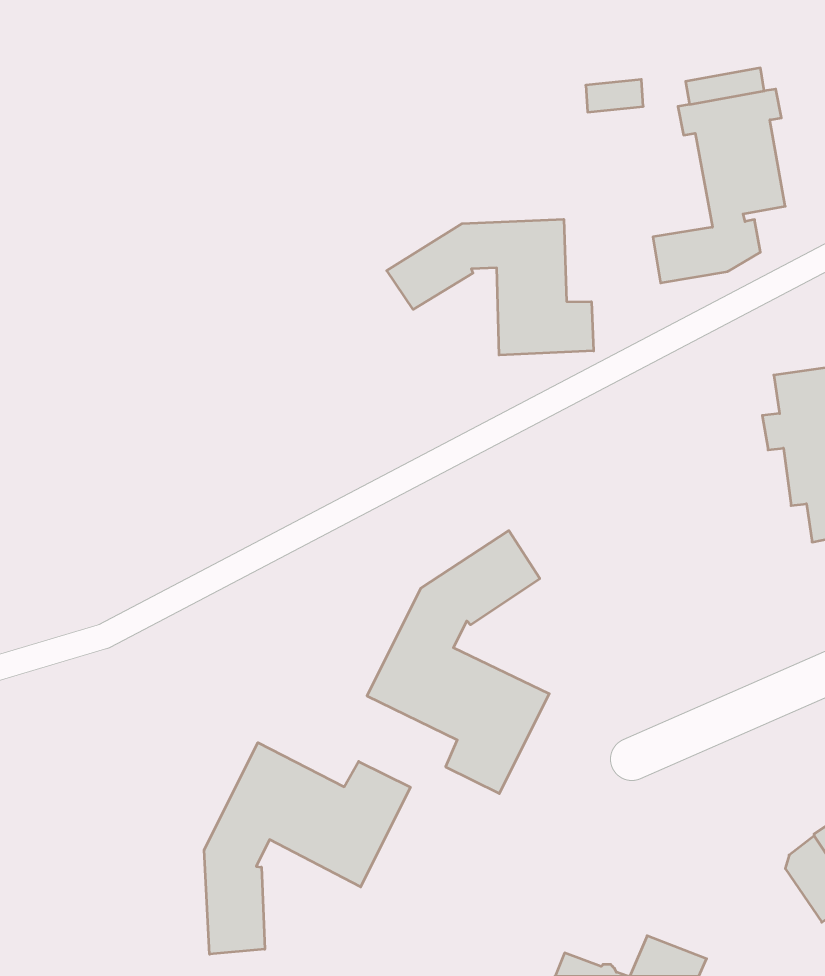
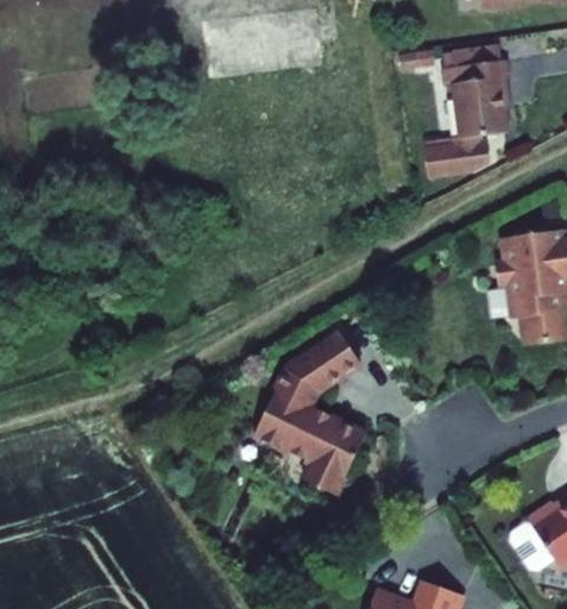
building: [387,219,594,355] -> none
building: [204,743,410,954] -> none

